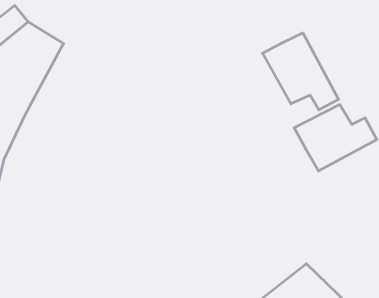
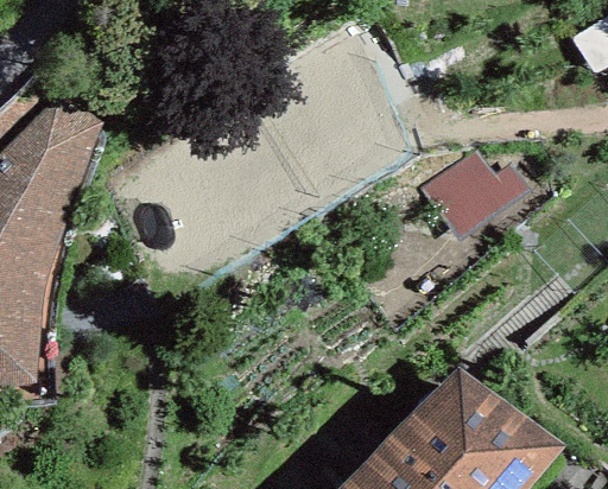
building: [262,33,339,110] -> none

